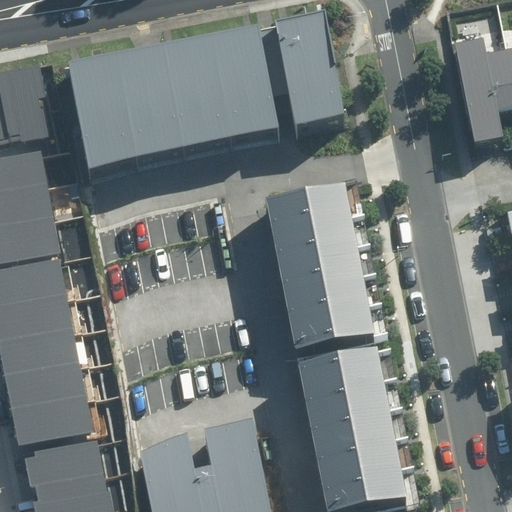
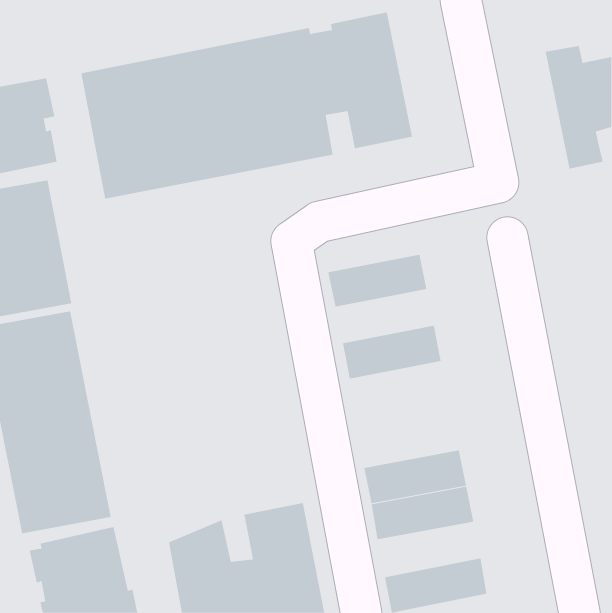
building: [268,182,350,227] -> none
building: [279,241,362,286] -> none
building: [291,301,373,345] -> none
building: [297,345,383,390] -> none
building: [314,435,401,481] -> none

